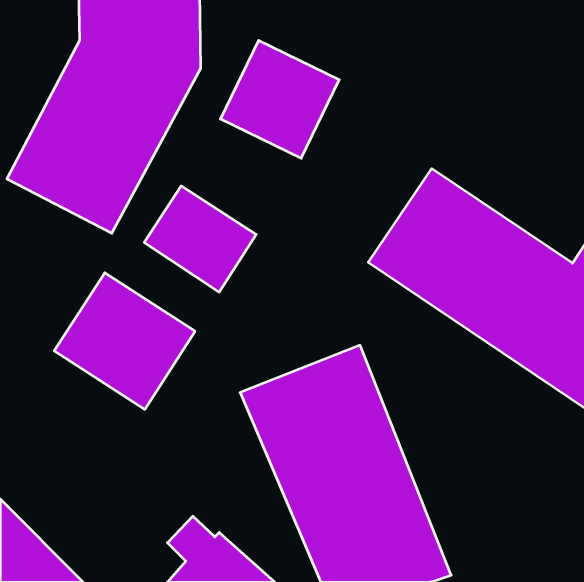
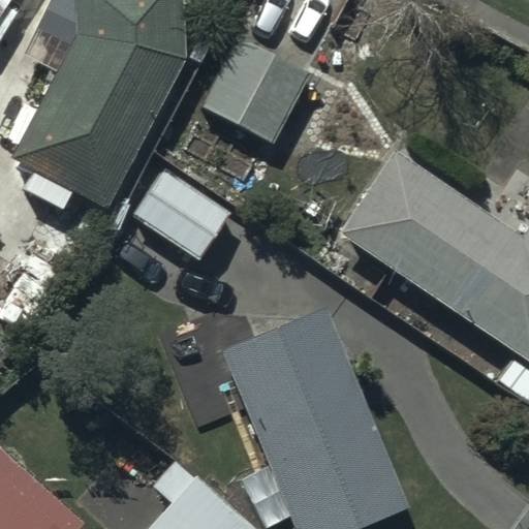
building: [54,273,195,409] -> none

